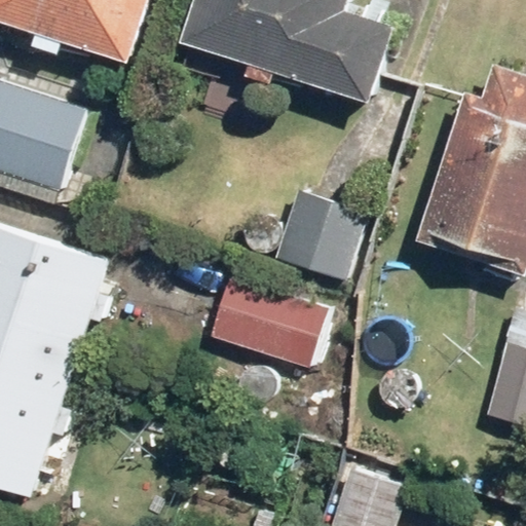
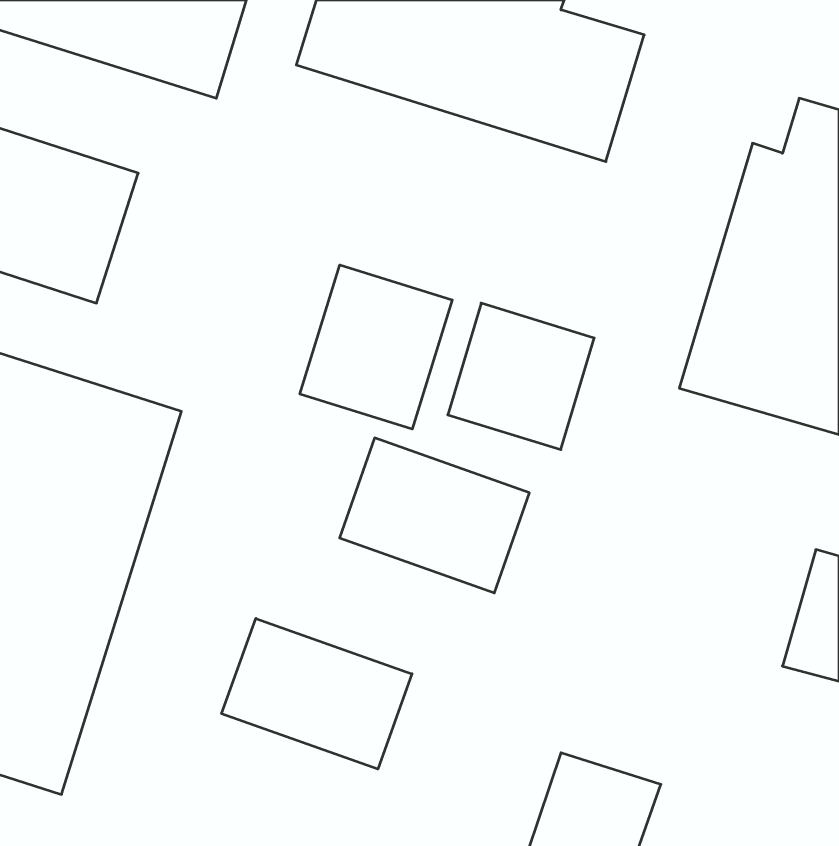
building: none -> [300,265,452,429]
building: none -> [222,618,412,769]

